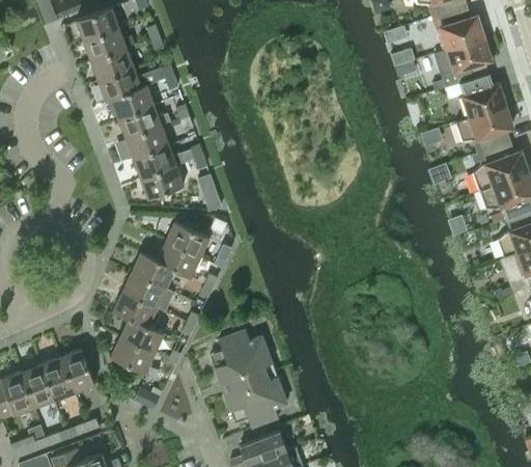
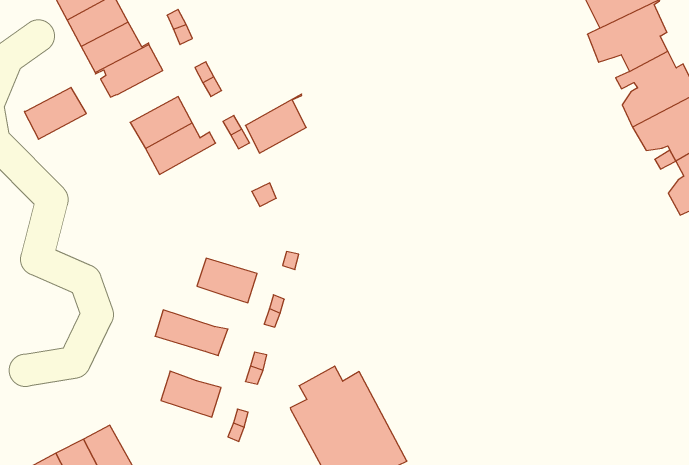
building: [118,106,162,139] -> [24,87,86,139]
building: [141,162,184,199] -> [245,94,306,153]
building: [166,222,209,257] -> none
building: [131,253,175,291] -> none
building: [114,292,157,327] -> none
building: [111,337,155,374] -> none

